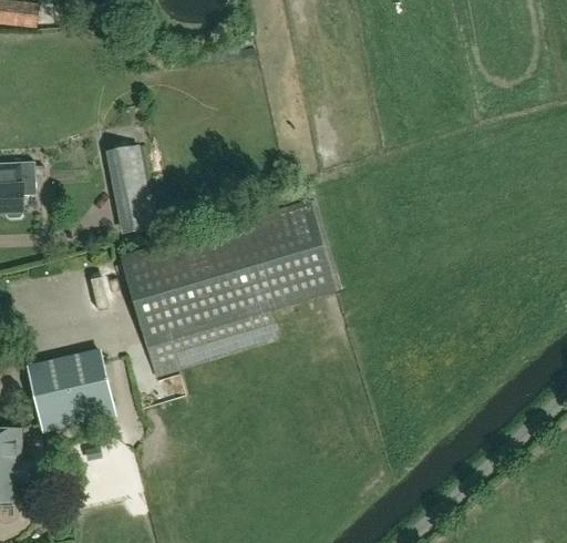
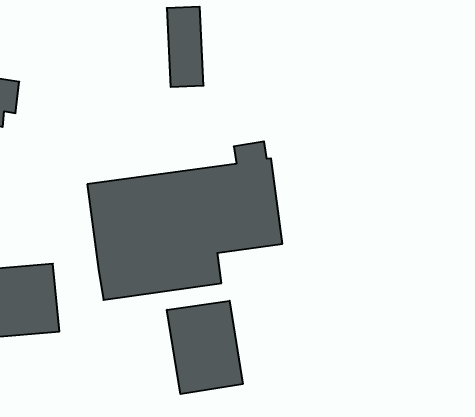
building: [103,144,154,233] -> [167,7,204,87]
building: none -> [167,301,243,394]

